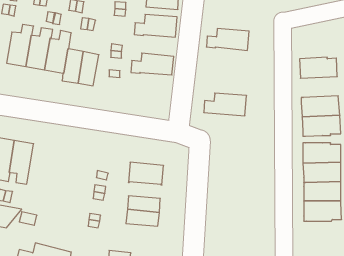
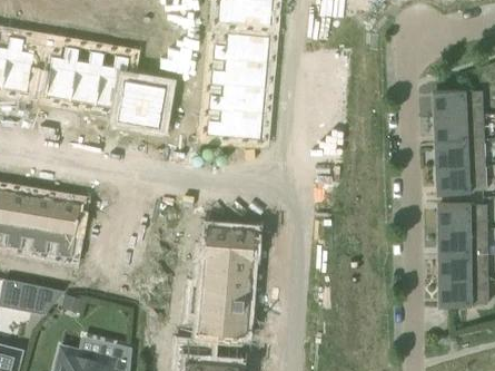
building: [206,29,249,50] -> [210,59,267,88]
building: none -> [433,115,483,143]
building: [204,93,247,116] -> [206,109,263,139]
building: none -> [205,254,248,276]
building: none -> [200,310,244,333]

